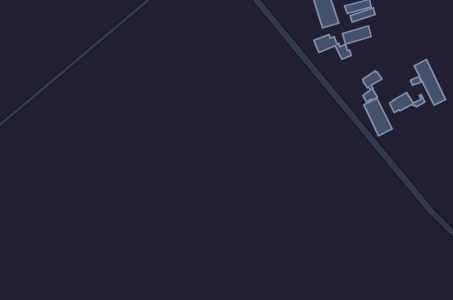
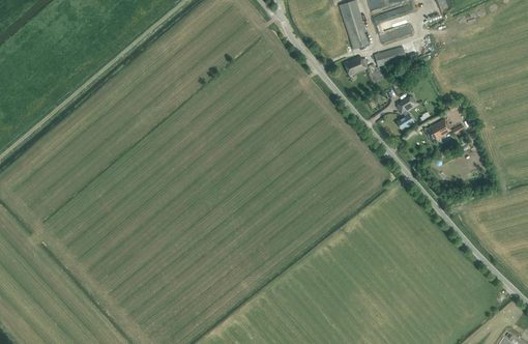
building: [414,59,446,105] -> none
building: [364,98,392,136] -> none

